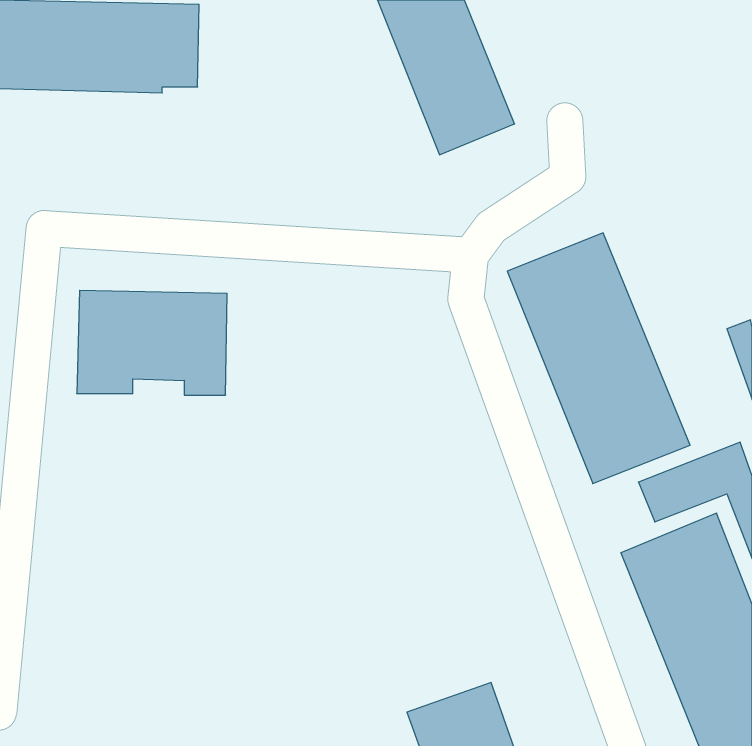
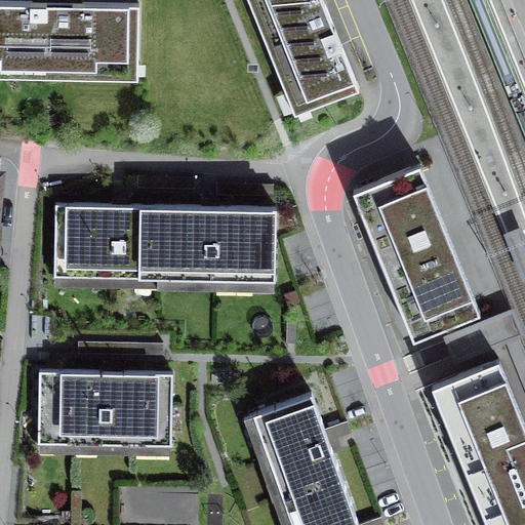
building: none -> [157,209,275,282]
building: none -> [37,373,171,446]
building: none -> [252,396,341,500]

